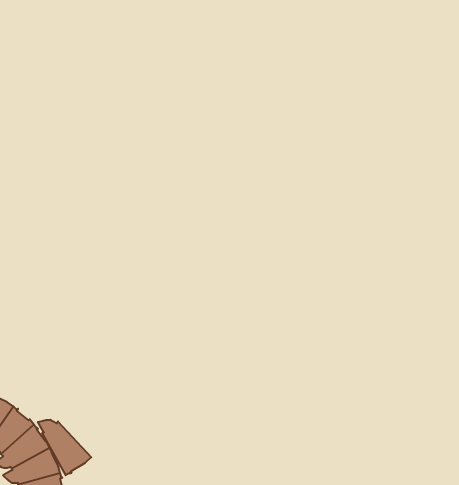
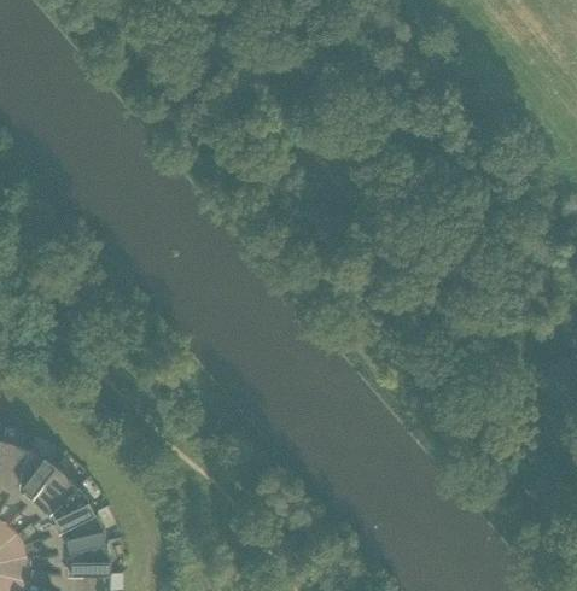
building: [38,420,91,475] -> none

